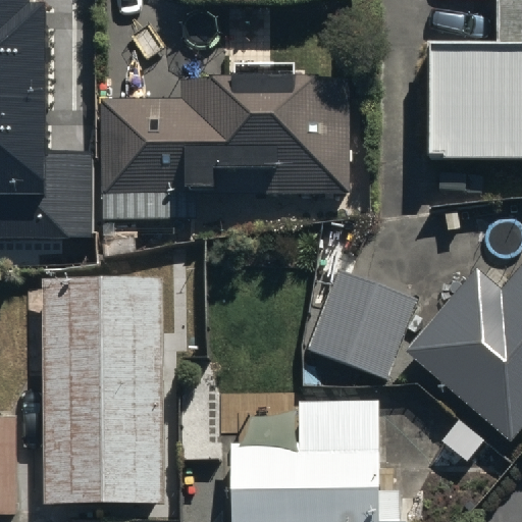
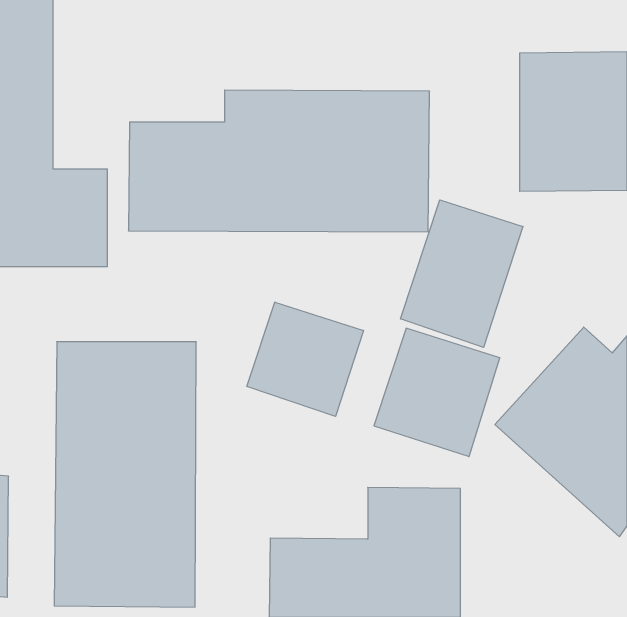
building: none -> [401,200,523,347]
building: none -> [247,302,363,416]

